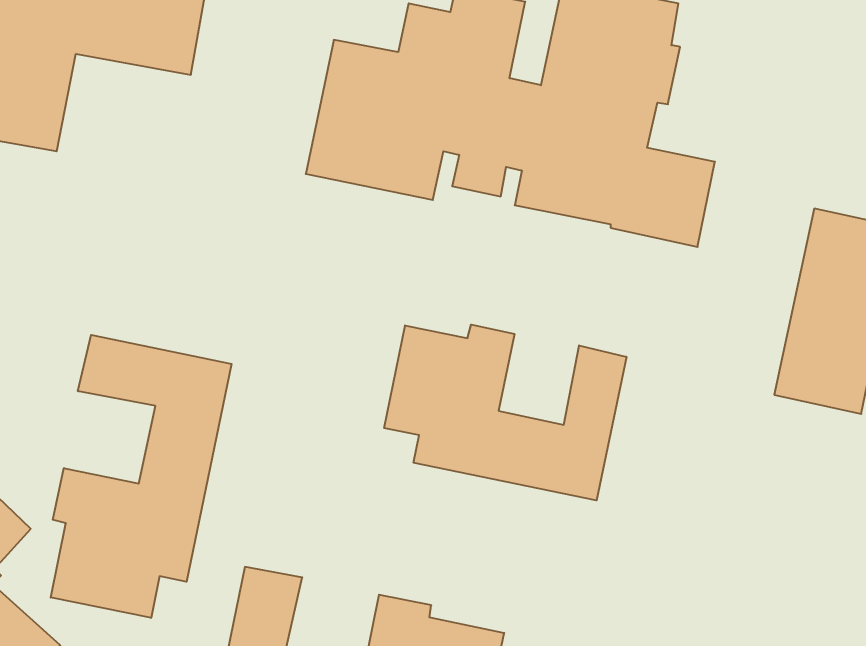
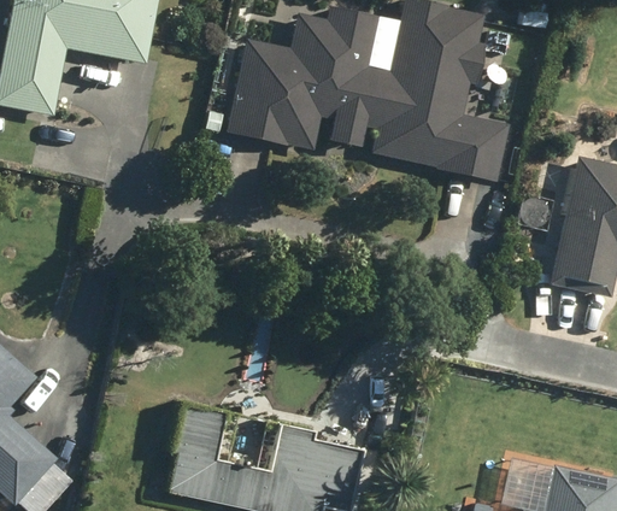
building: [384,325,626,500] -> none
building: [51,335,232,618] -> none

